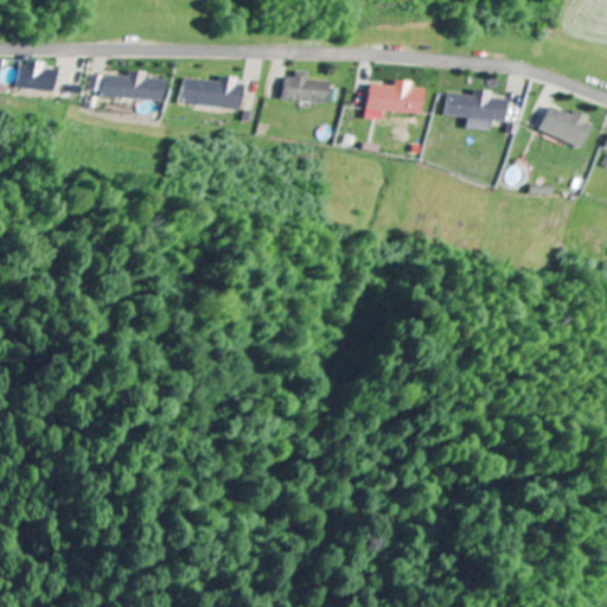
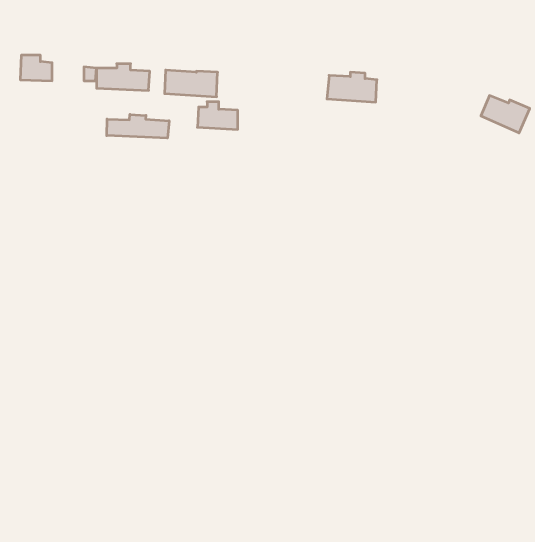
building: [282,71,327,102] -> [197,102,238,129]
building: [445,90,504,129] -> none
building: none -> [107,114,169,138]

